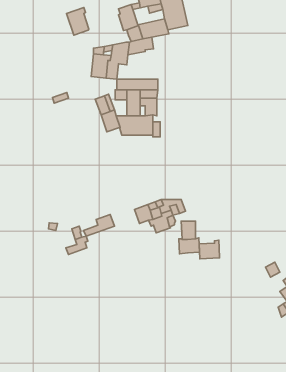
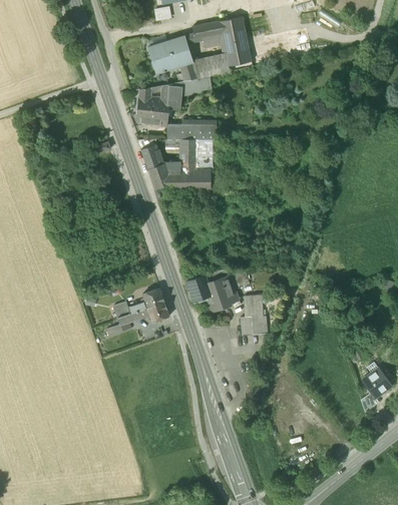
building: [66,7,89,35] -> [148,41,175,74]
building: none -> [130,302,169,322]
building: [199,240,220,259] -> none

